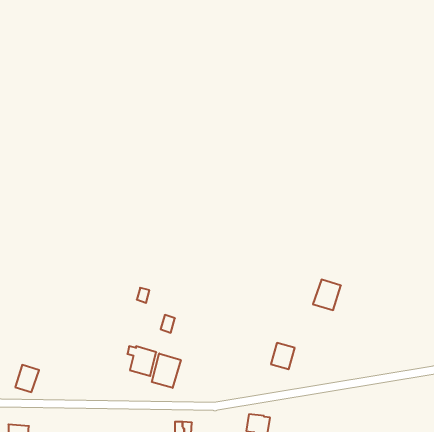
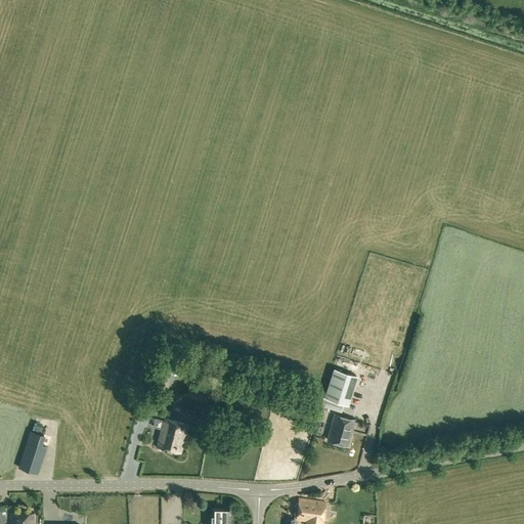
building: [313,280,341,310] -> [323,369,357,406]
building: [152,353,181,388] -> none

